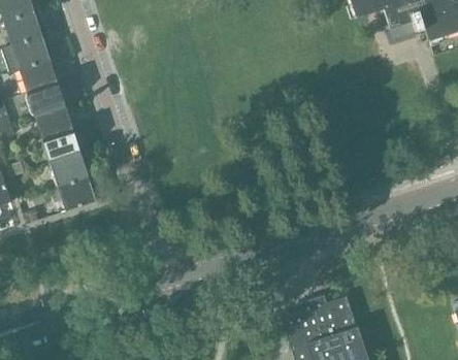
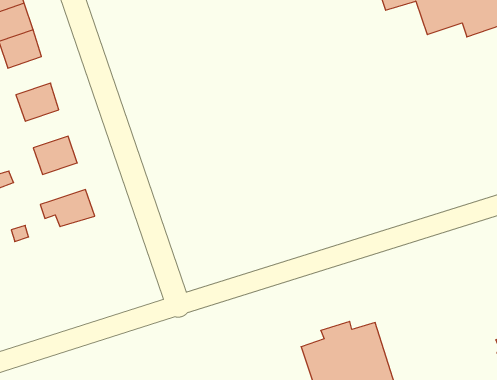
building: [20,58,58,92] -> none
building: [35,105,73,139] -> none
building: [51,153,89,187] -> none

